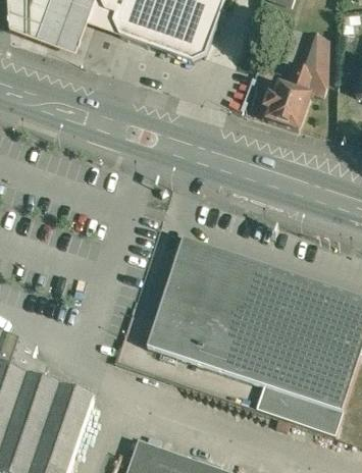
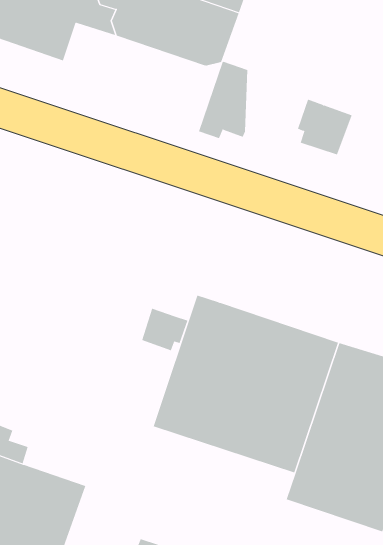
building: [286,31,326,94] -> [198,61,248,139]
building: none -> [141,308,188,351]

